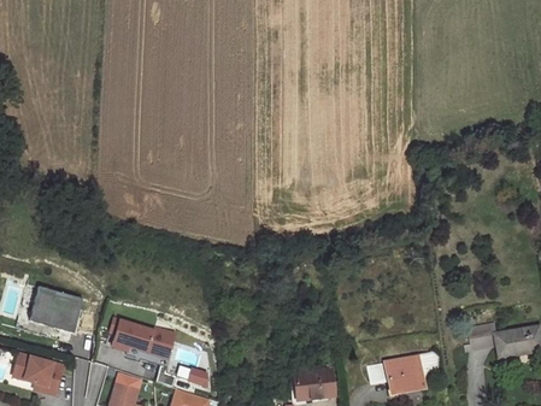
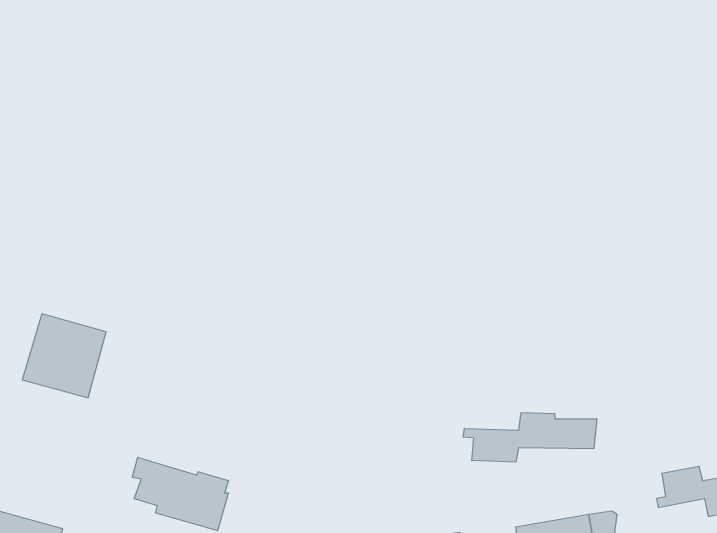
building: [25,286,82,342] -> [22,314,106,398]
building: none -> [463,413,597,462]

